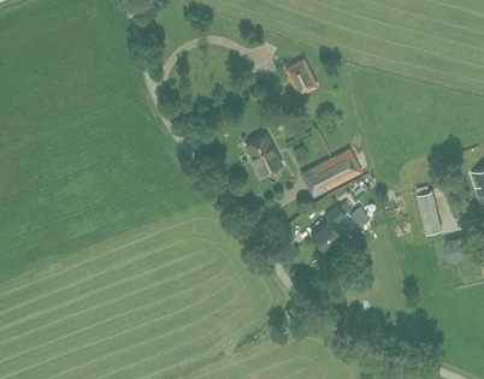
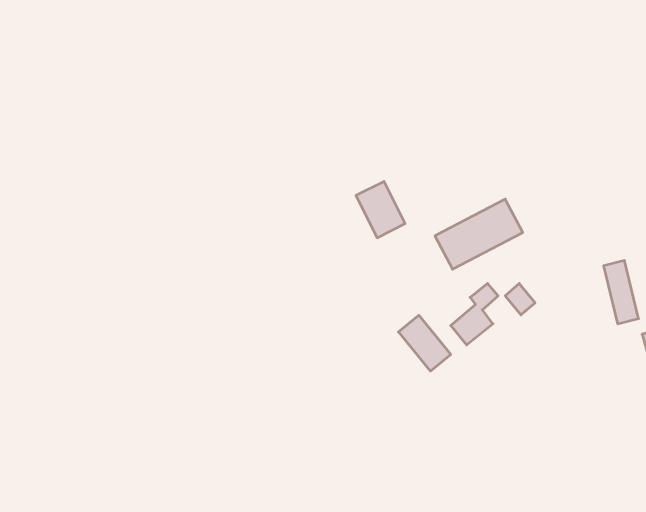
building: [285,60,317,94] -> none
building: none -> [398,315,451,371]

